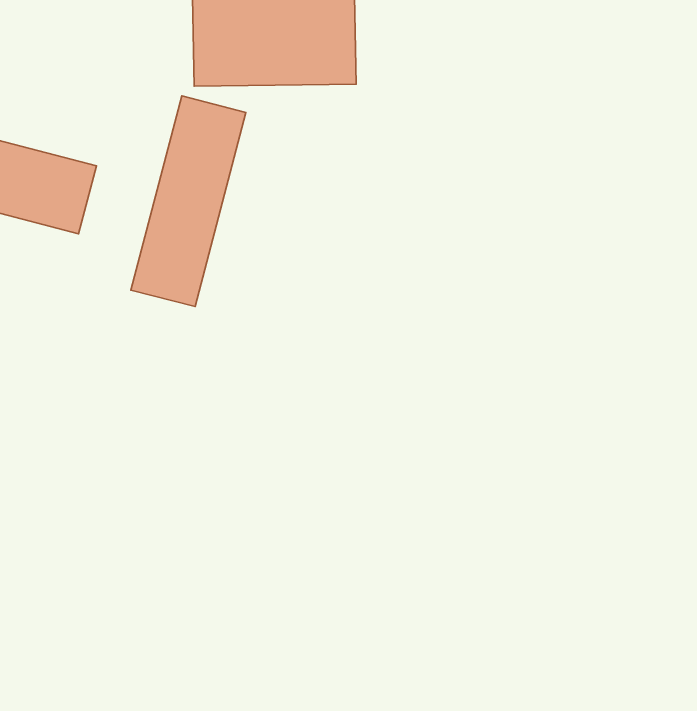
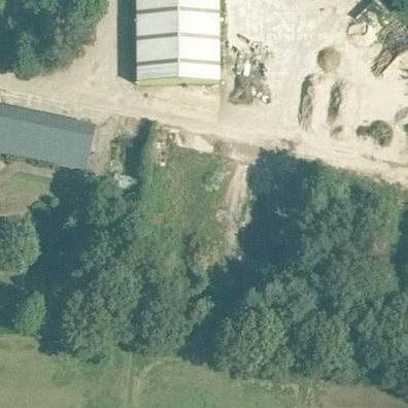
building: [131,96,246,307] -> none

